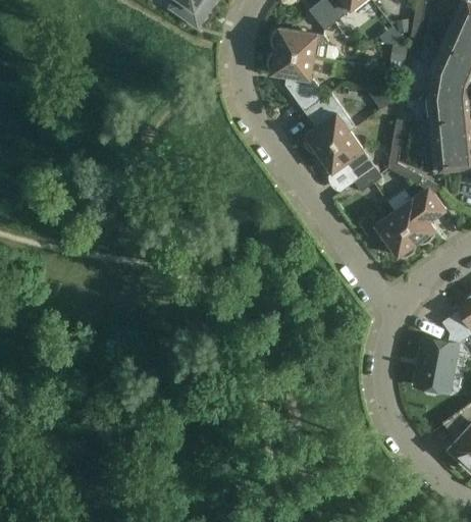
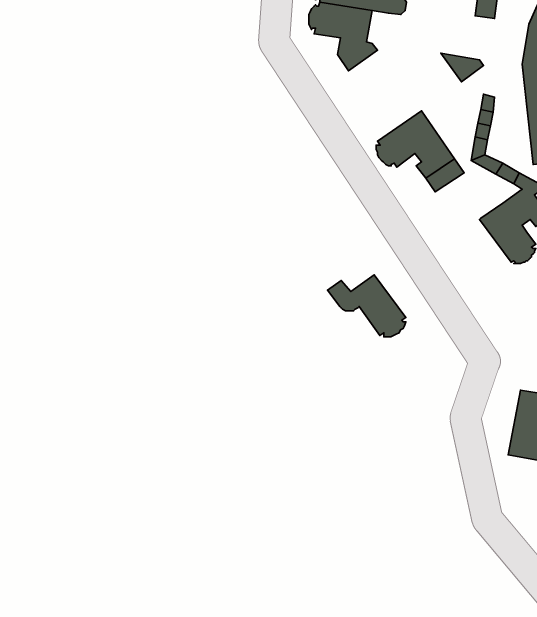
building: [297,86,351,153] -> none
building: [359,211,417,257] -> [327,275,406,337]

